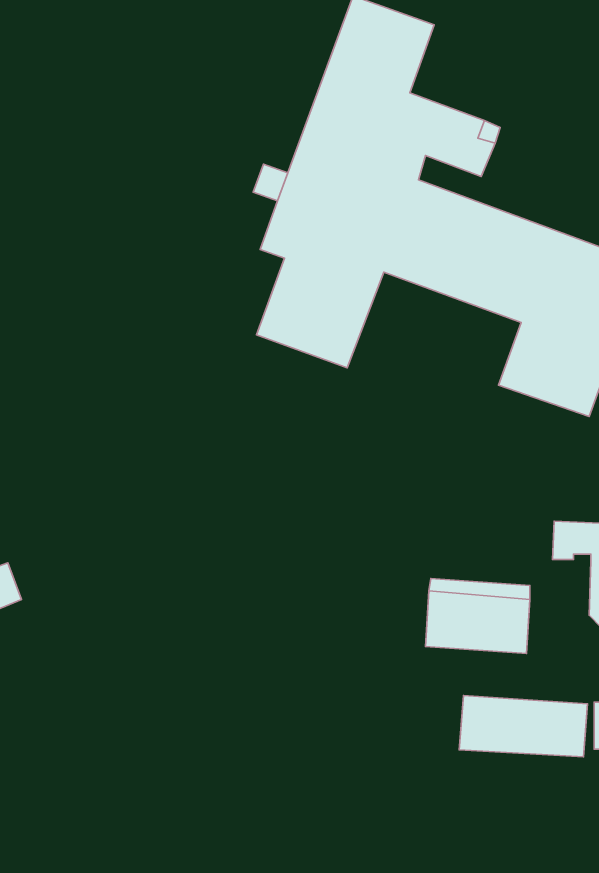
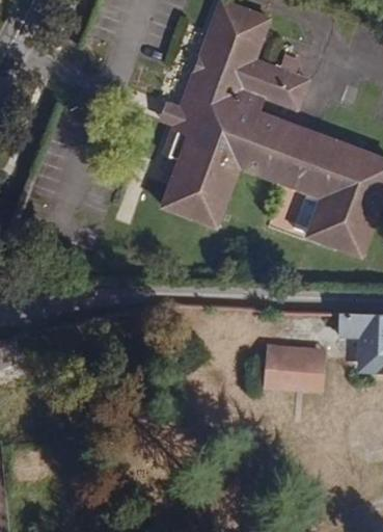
building: [459,695,588,757] -> none

